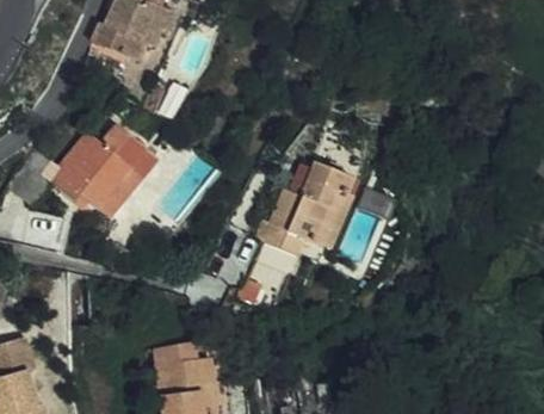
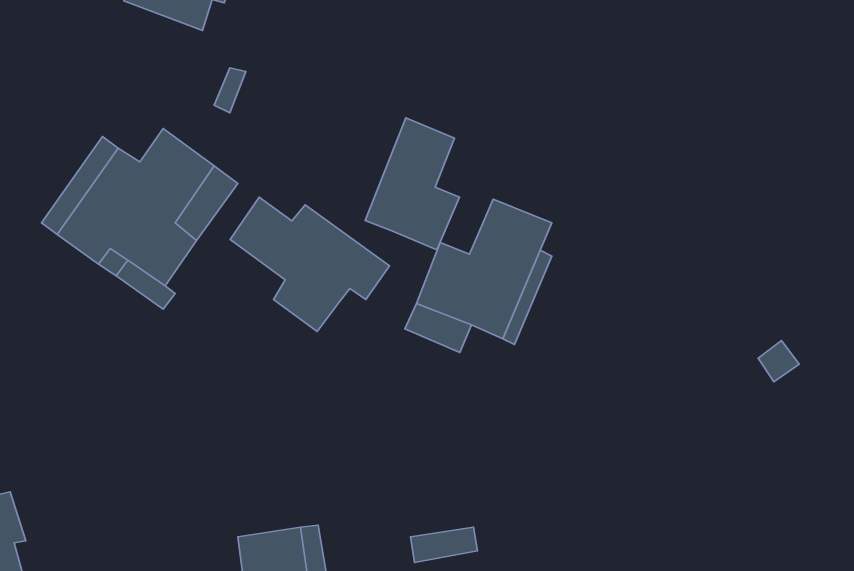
building: none -> [365,118,460,250]
building: none -> [230,197,390,331]

